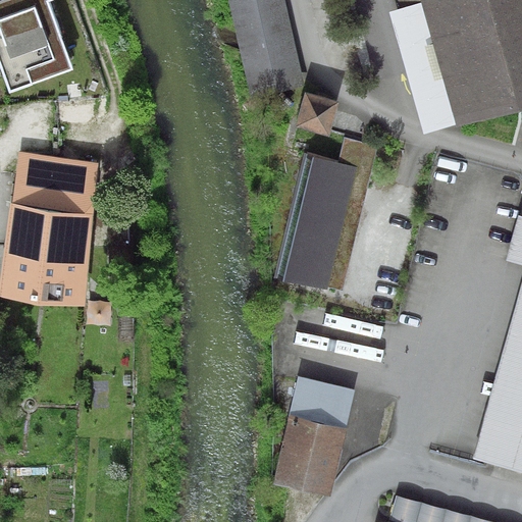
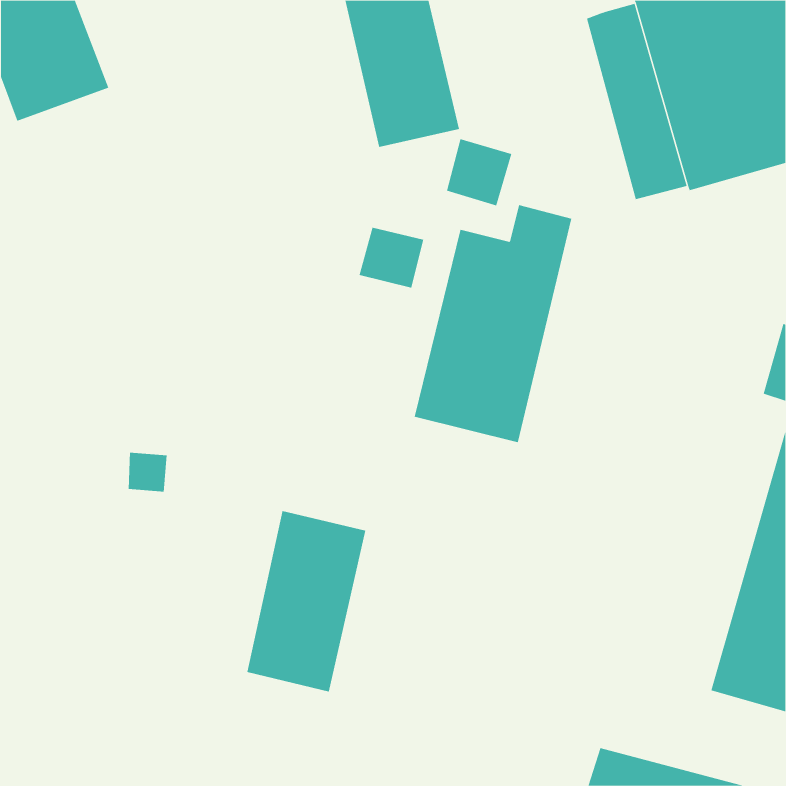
building: [18,148,95,200] -> none
building: none -> [359,227,424,289]
building: [6,201,91,292] -> none
building: [276,377,356,498] -> [246,511,366,692]

